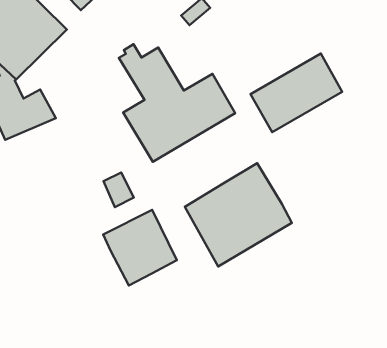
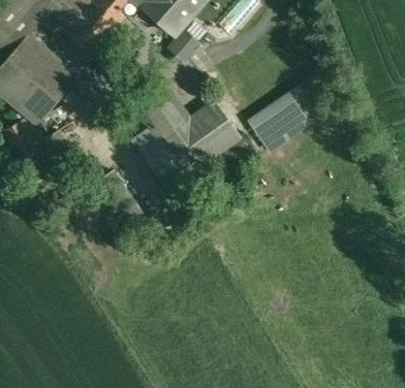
building: [185,163,292,266] -> none
building: [103,210,177,285] -> none

